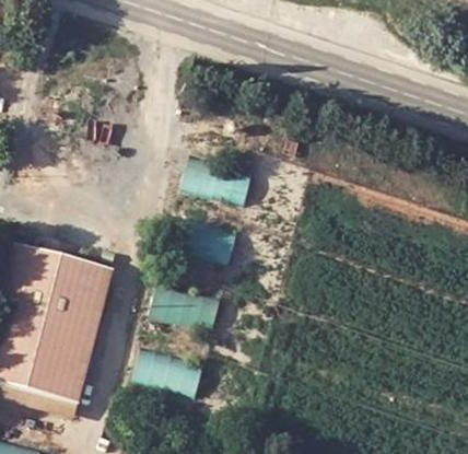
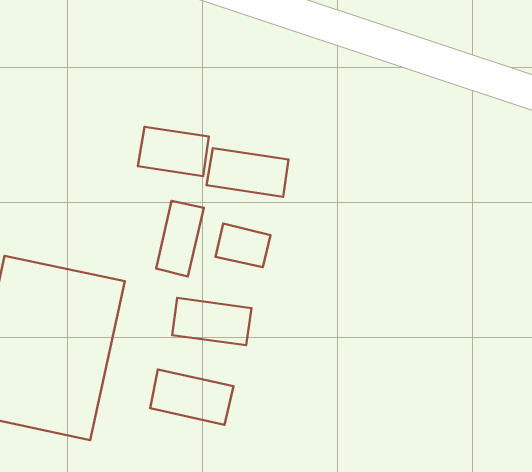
building: none -> [138,127,209,176]
building: none -> [156,201,204,276]

